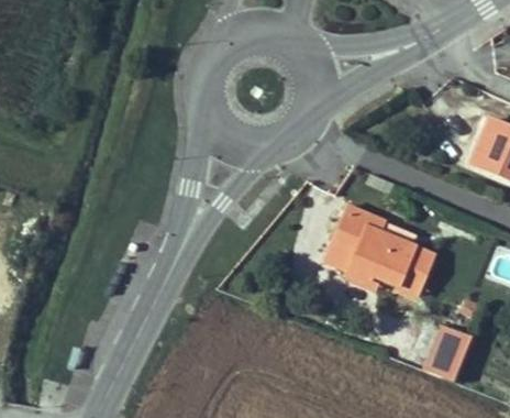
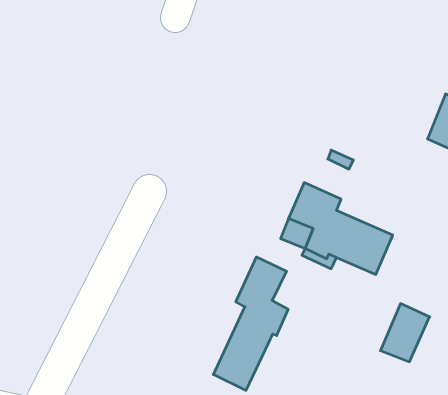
building: none -> [213,257,288,390]

